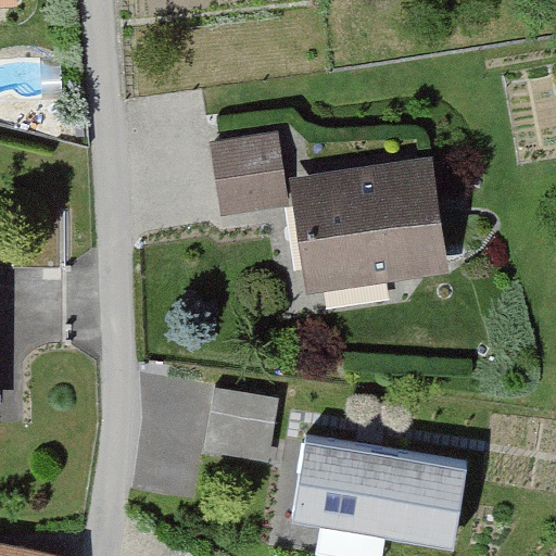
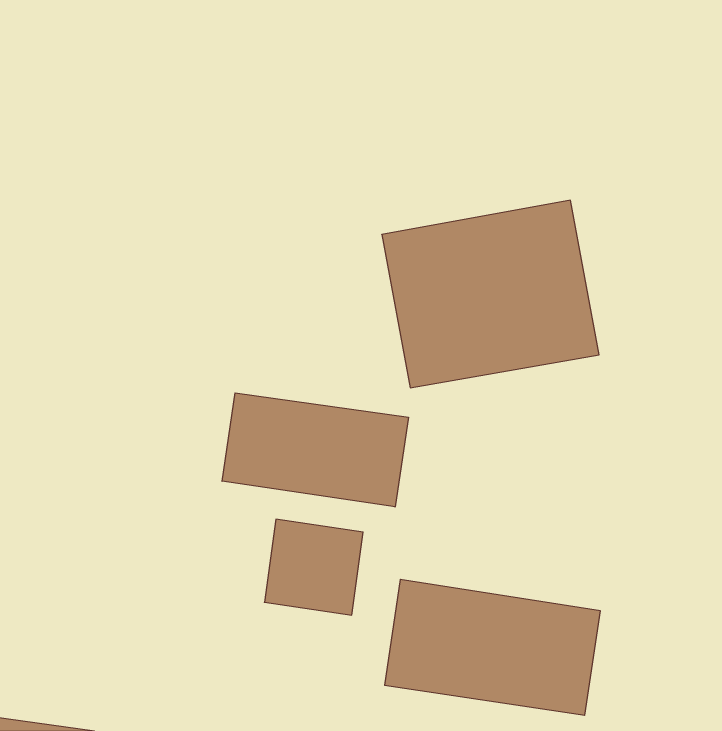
building: [206,135,289,224] -> none
building: none -> [222,393,408,507]

